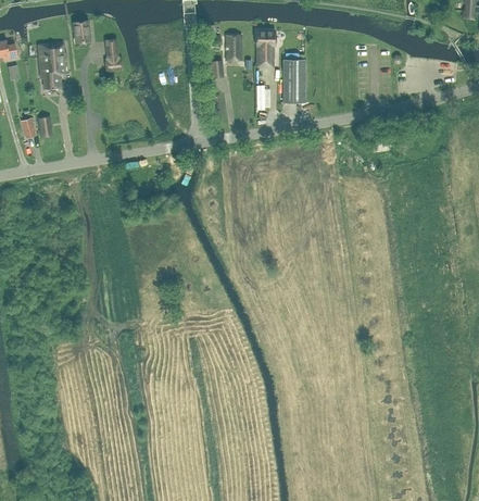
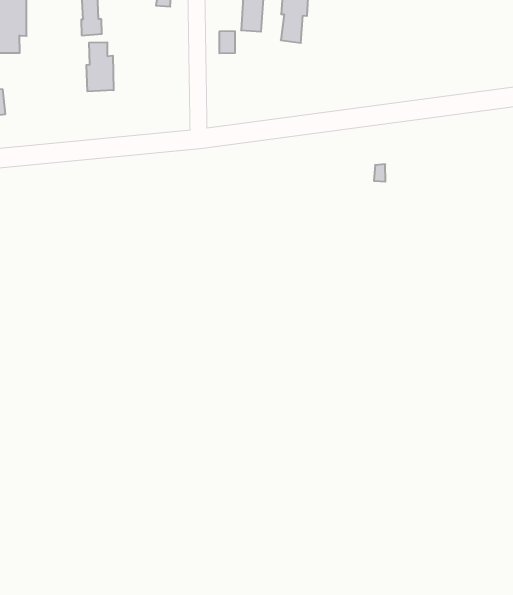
building: [282,59,305,102] -> none
building: none -> [86,42,114,91]

